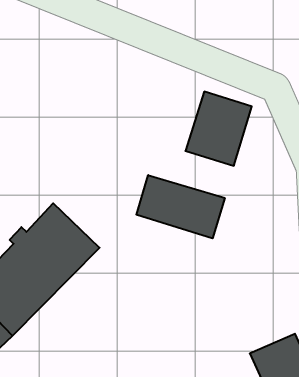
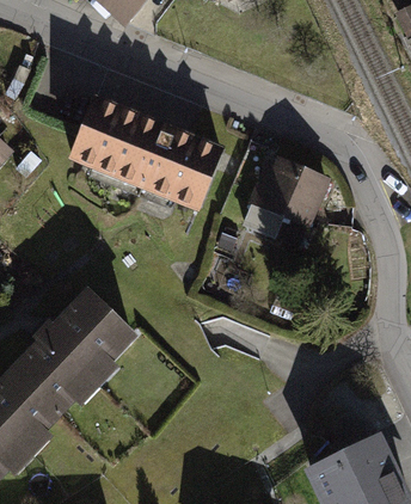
building: none -> [67,93,221,210]
building: [136,175,225,238] -> none

